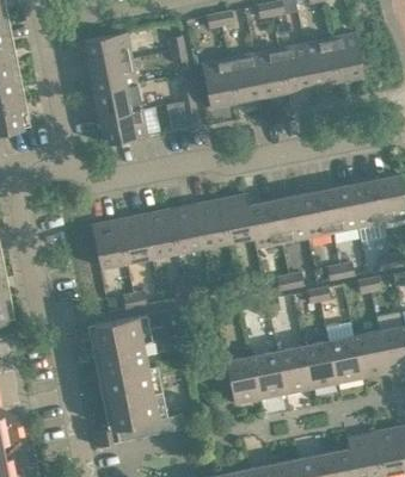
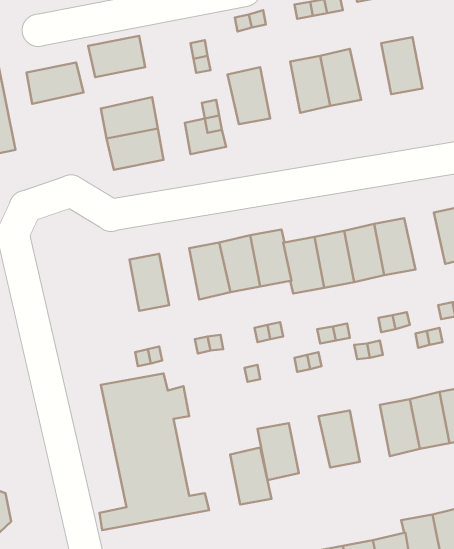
building: [303,37,338,85] -> none
building: [228,52,262,100] -> none
building: [90,57,137,92] -> [27,63,83,104]
building: [349,179,383,227] -> none
building: [143,209,177,256] -> none
building: [92,218,127,267] -> none
building: [303,340,337,388] -> none
building: [252,349,287,397] -> [230,447,272,504]

